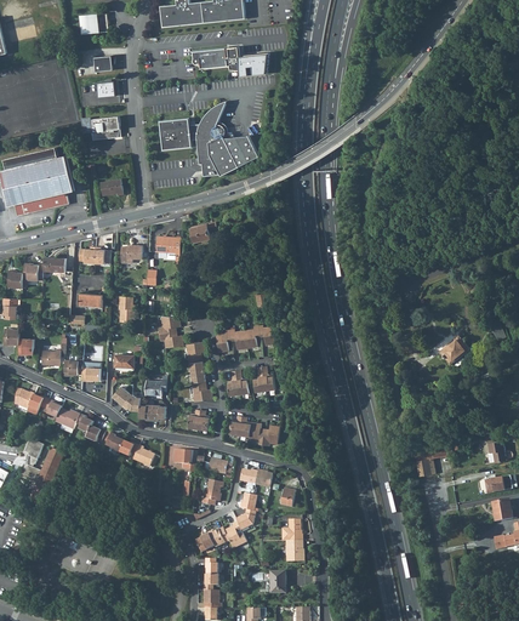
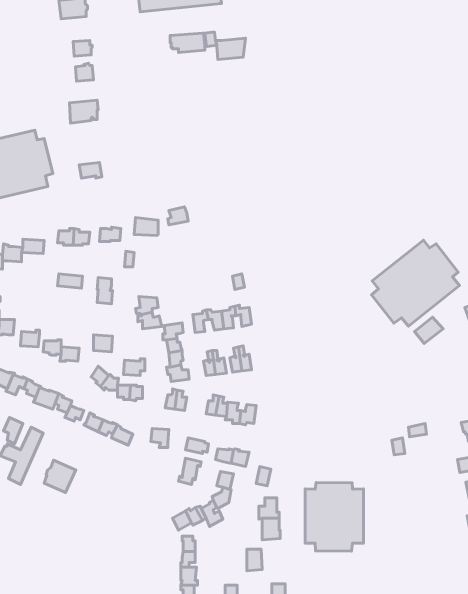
building: [159,101,258,176] -> none
building: none -> [372,240,460,326]
building: none -> [44,460,76,492]
building: none -> [305,483,363,551]

